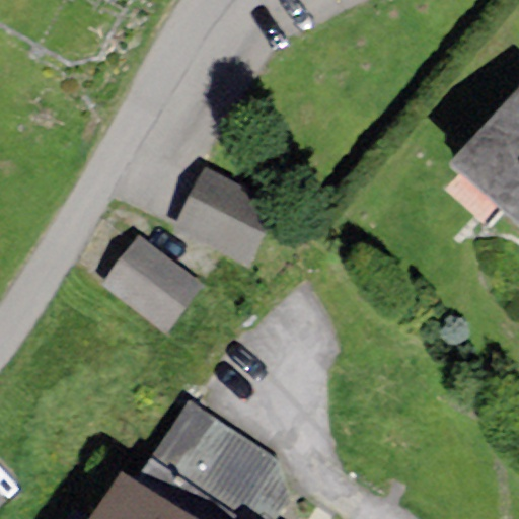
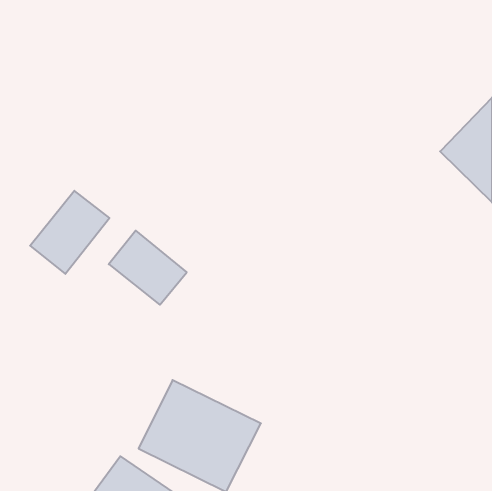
building: [182,179,268,260] -> none
building: none -> [30,191,109,274]

